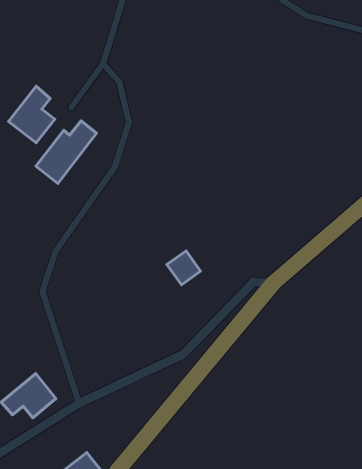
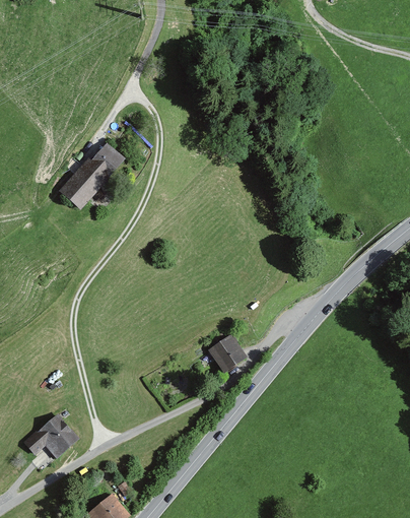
building: [8,86,55,143] -> none
building: [167,251,201,285] -> [206,335,242,371]

